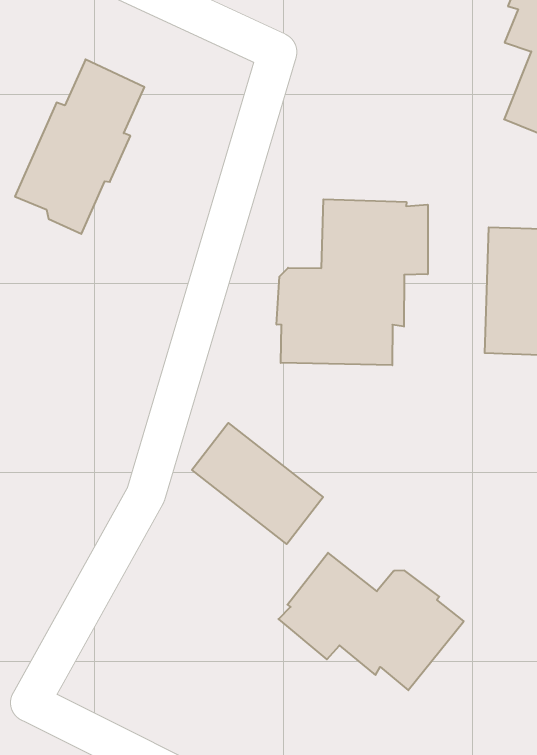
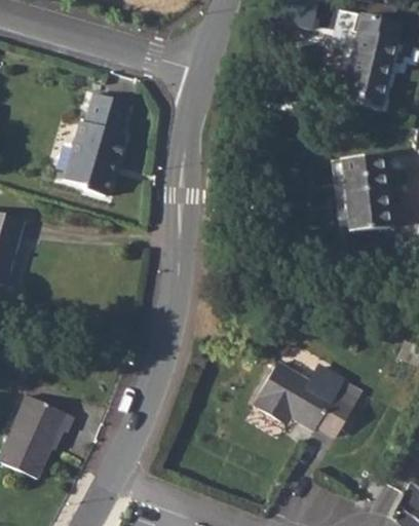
building: [277,199,428,365] -> none
building: [192,423,323,544] -> none

